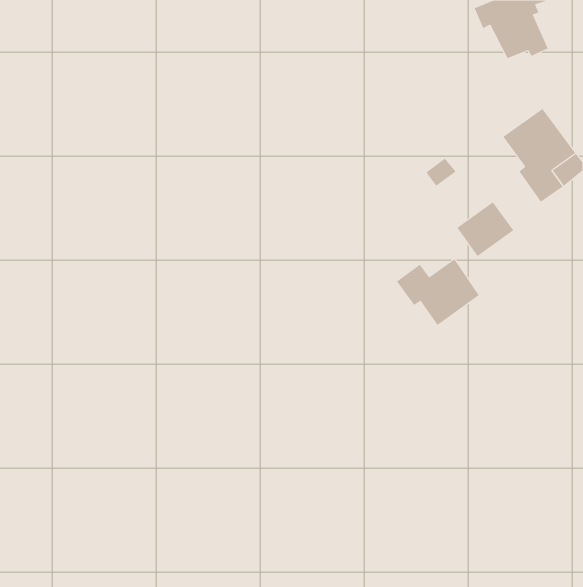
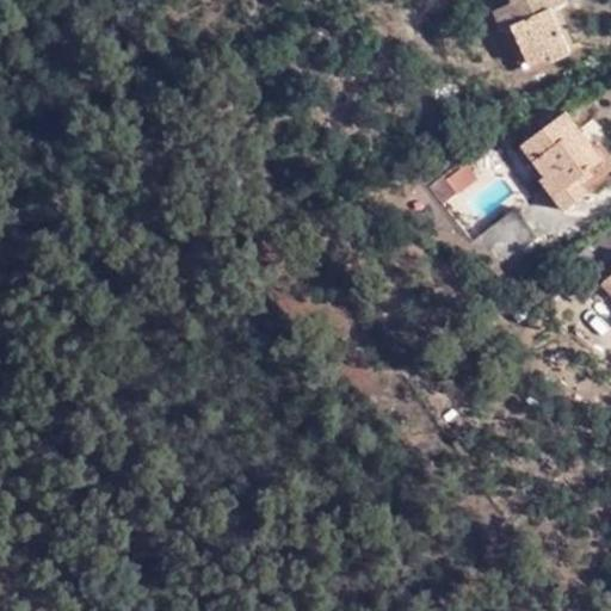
building: [396,258,480,326] -> none

